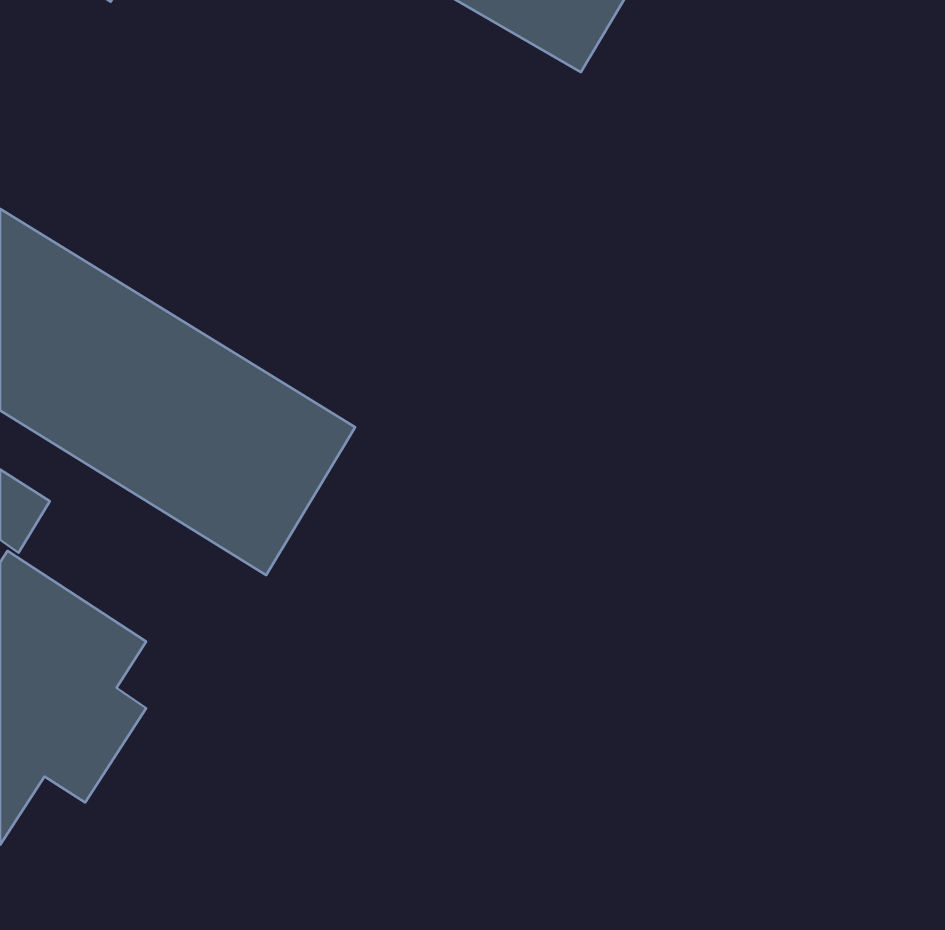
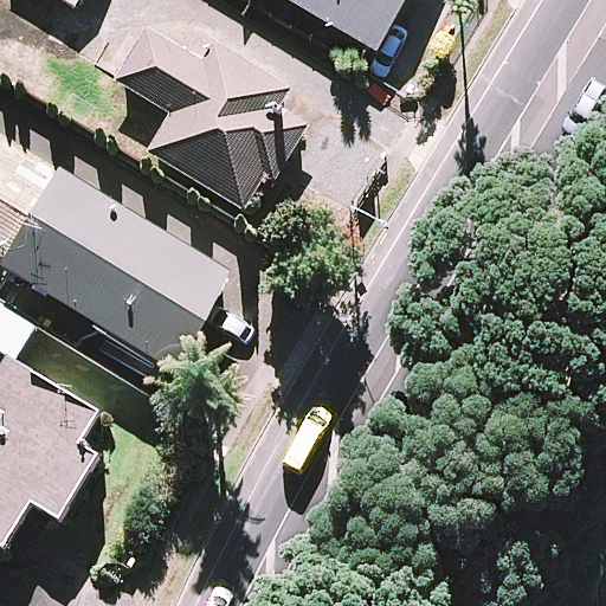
building: none -> [110,21,317,212]

